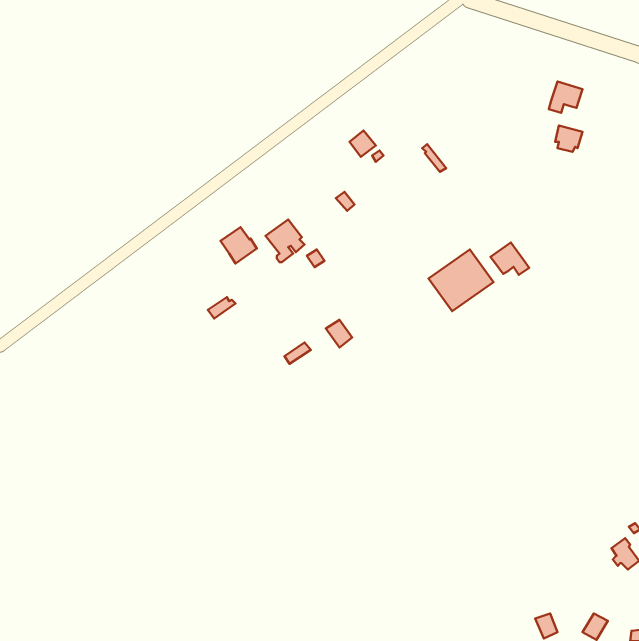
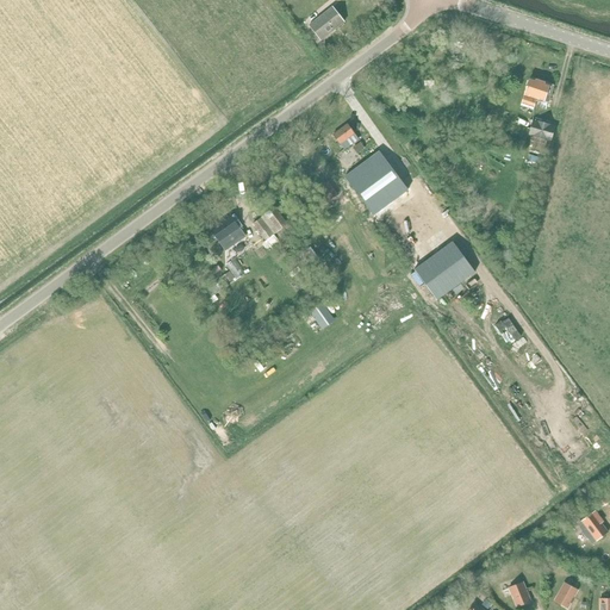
building: none -> [311,8,344,41]
building: none -> [344,150,407,214]
building: [491,243,529,275] -> none

